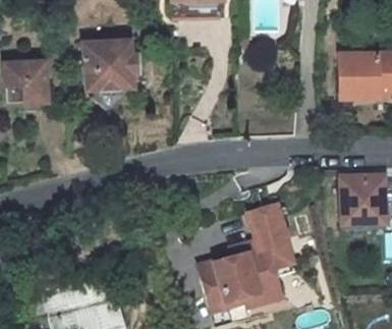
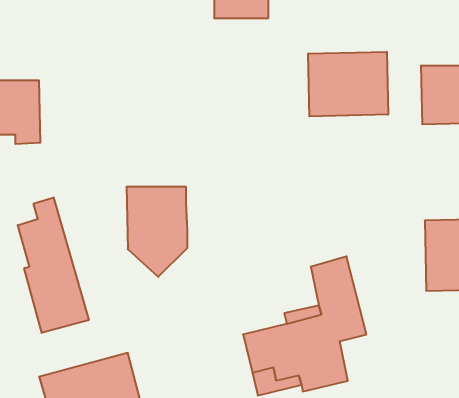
building: [88,40,134,109] -> [126,187,187,277]
building: none -> [308,52,388,116]
building: none -> [18,197,89,333]

